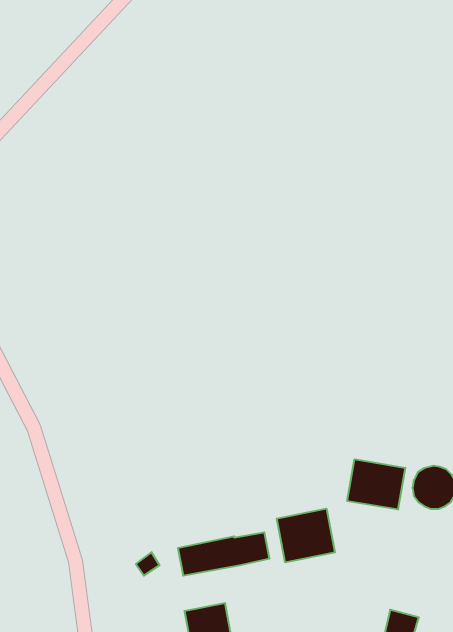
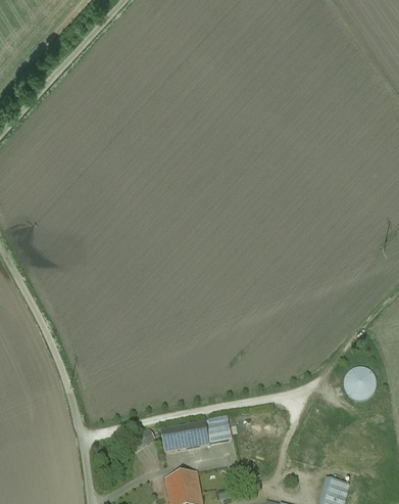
building: [347,459,405,510] -> none
building: [277,509,335,562] -> none

